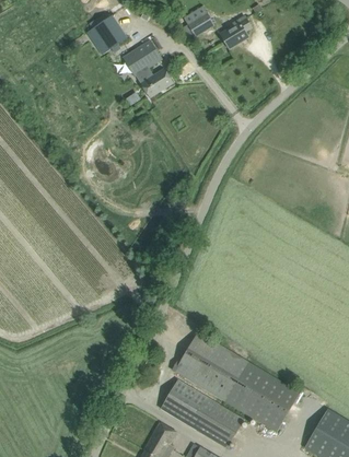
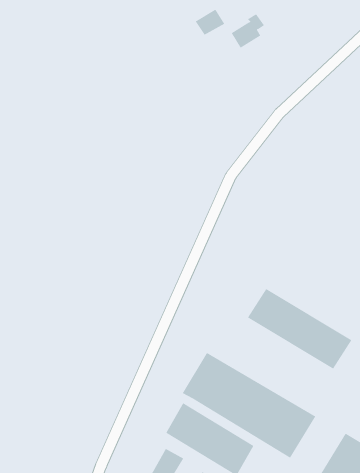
building: [85,14,127,55] -> none
building: [123,39,173,97] -> none
building: none -> [247,288,352,370]

